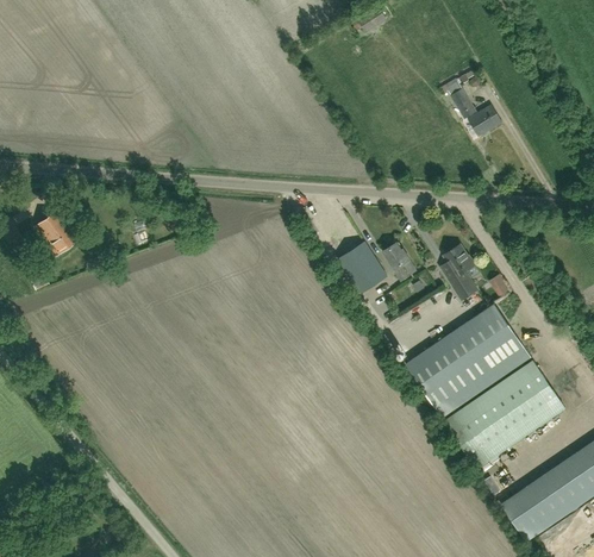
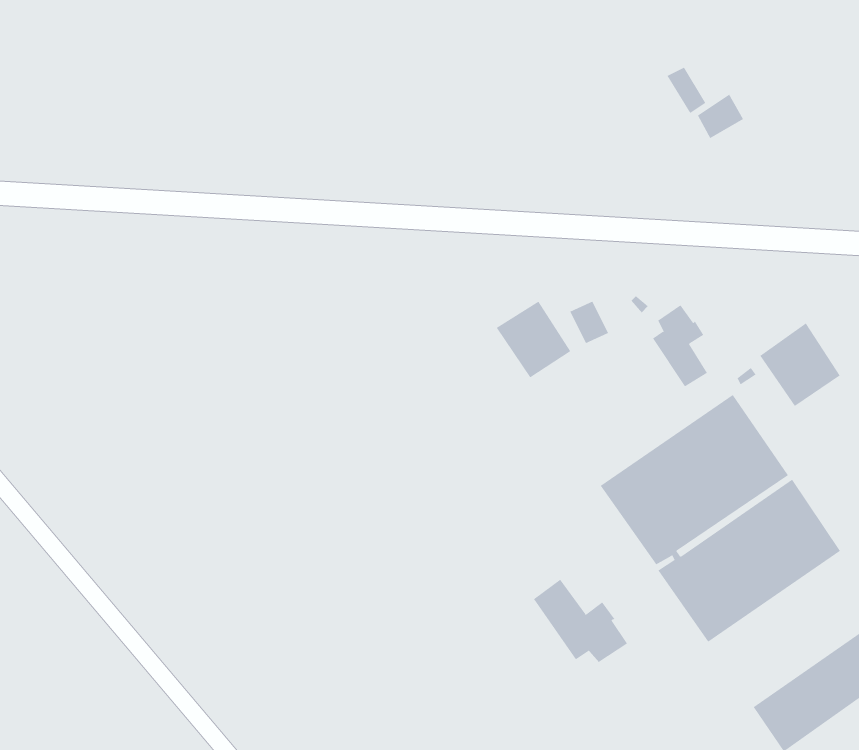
building: [35,209,80,255] -> none
building: none -> [759,323,841,407]
building: none -> [533,579,628,663]

